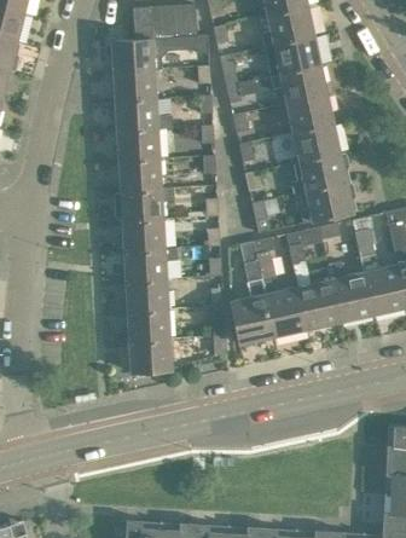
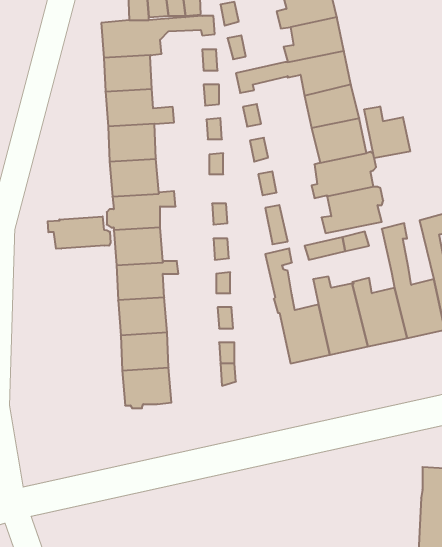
building: none -> [364,106,410,158]
building: none -> [48,216,111,249]
building: [232,241,274,342] -> none

